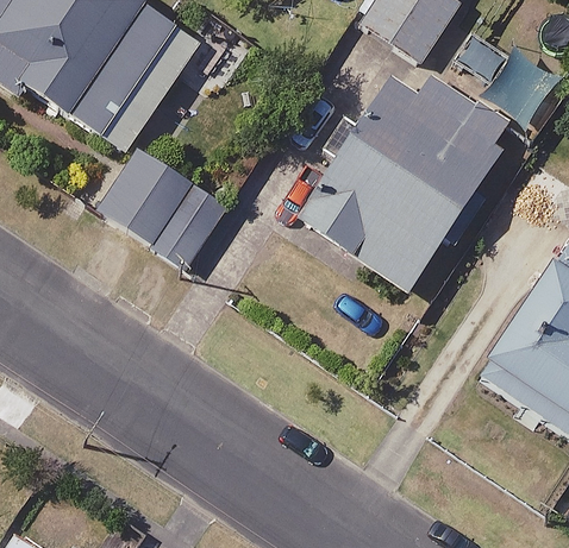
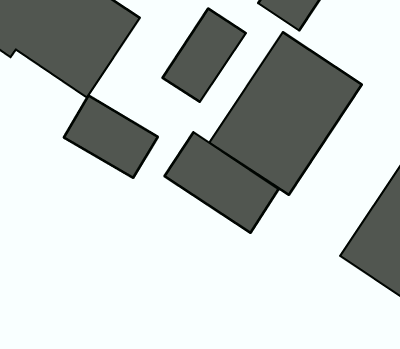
building: none -> [162,8,246,102]
building: none -> [165,132,279,233]

